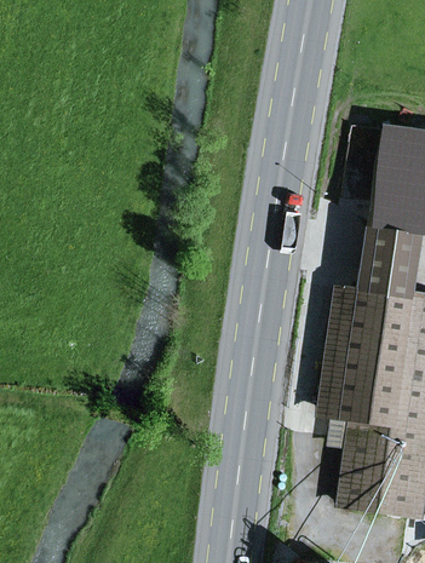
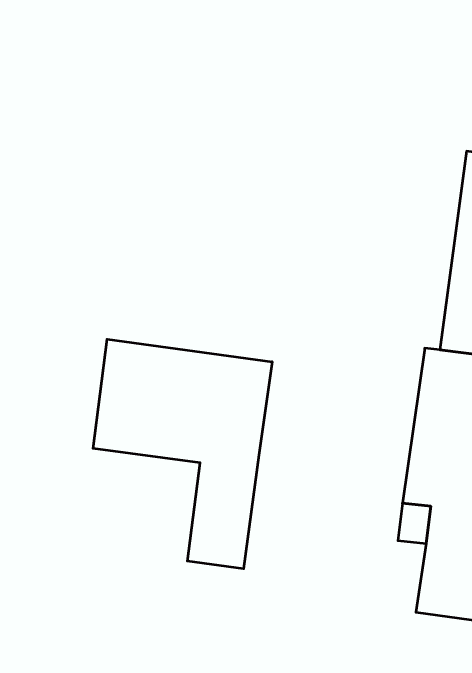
building: none -> [93,339,272,569]

